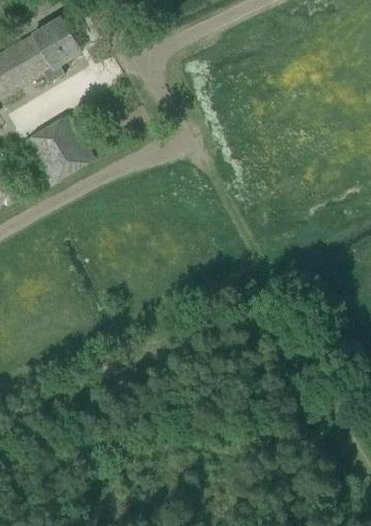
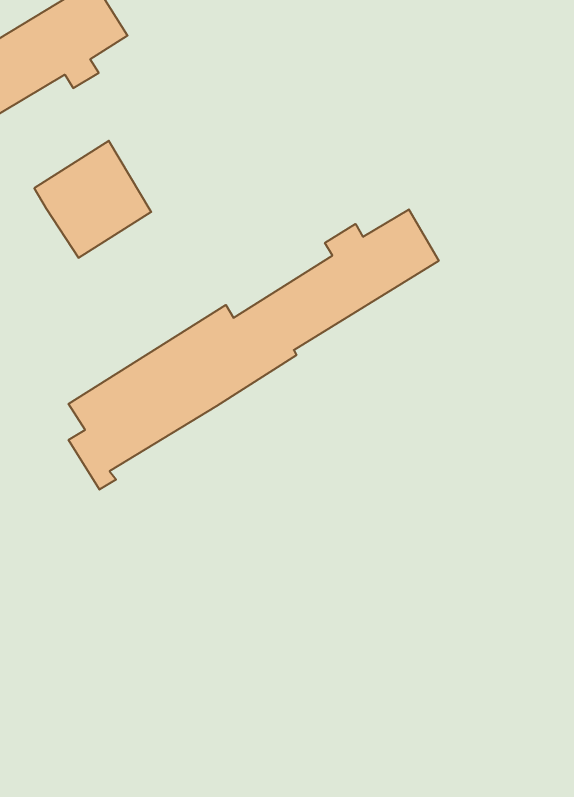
building: none -> [69,209,439,490]

